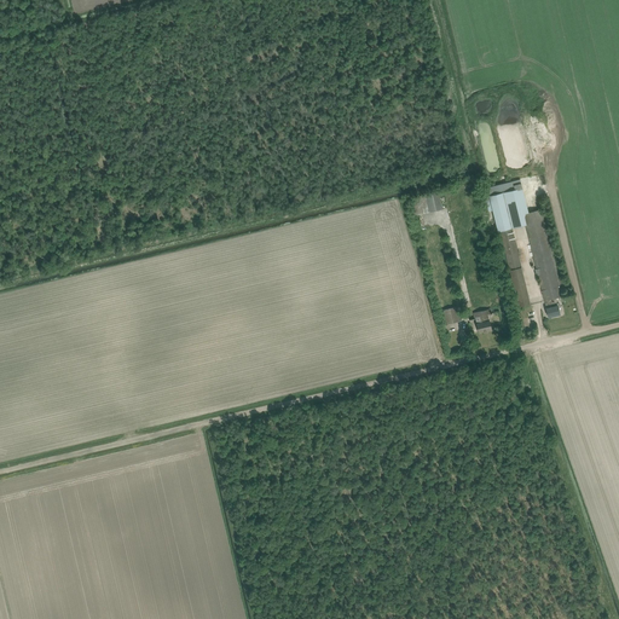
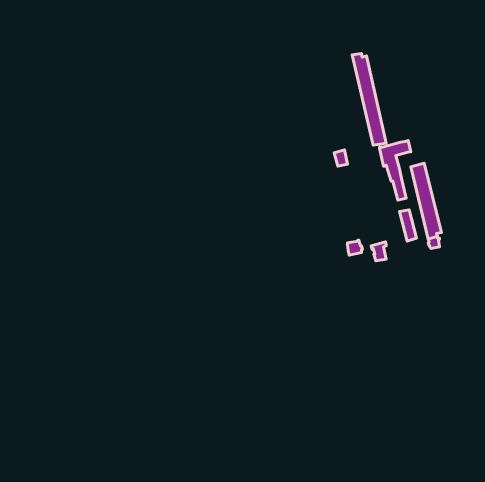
building: none -> [352,53,386,145]

